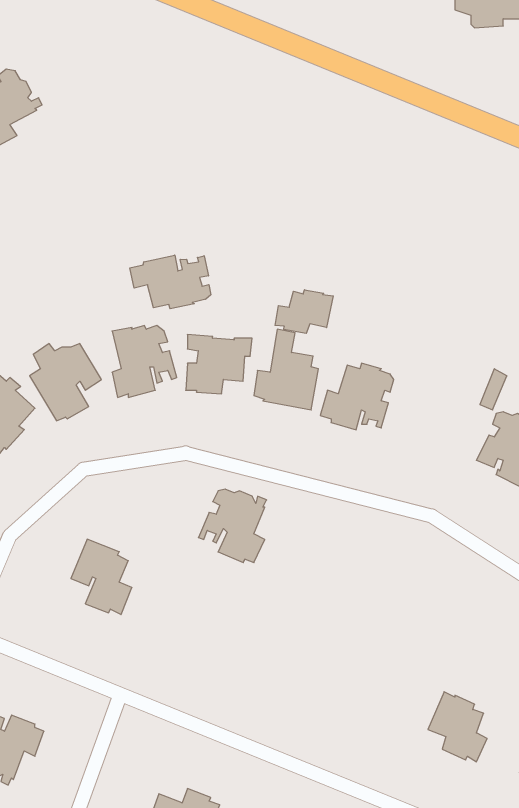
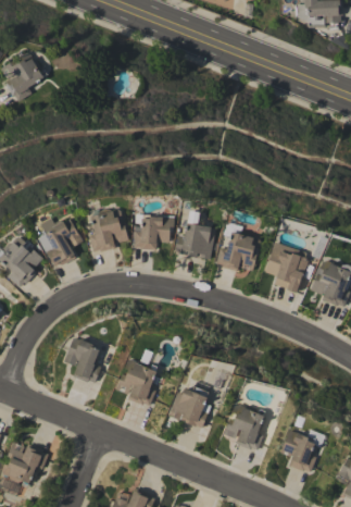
building: [130,255,211,309] -> none
building: [275,290,333,333] -> none
building: none -> [264,242,306,292]
building: [198,489,267,563] -> [115,360,156,405]
building: none -> [168,388,211,426]
building: none -> [224,404,264,449]

